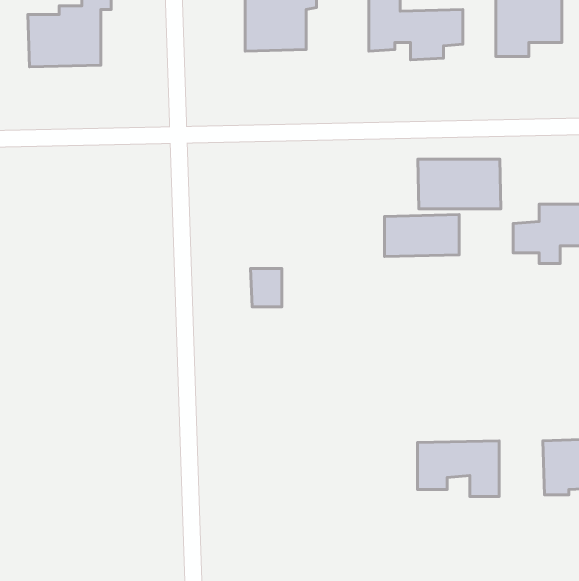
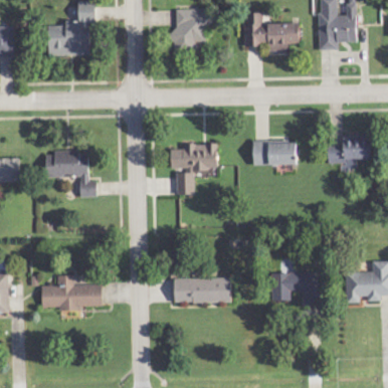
building: [418,159,501,209] -> none
building: none -> [171,143,218,170]
building: none -> [46,150,96,196]
building: none -> [41,274,103,311]
building: none -> [174,277,231,303]

